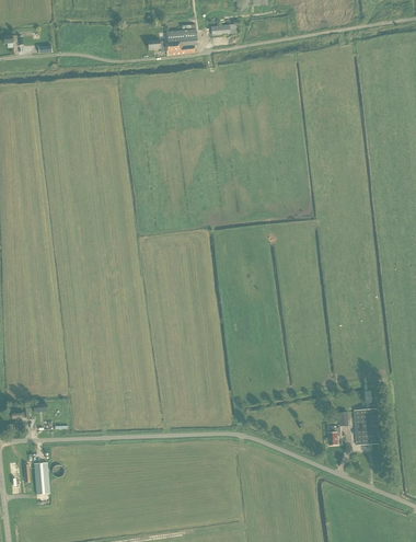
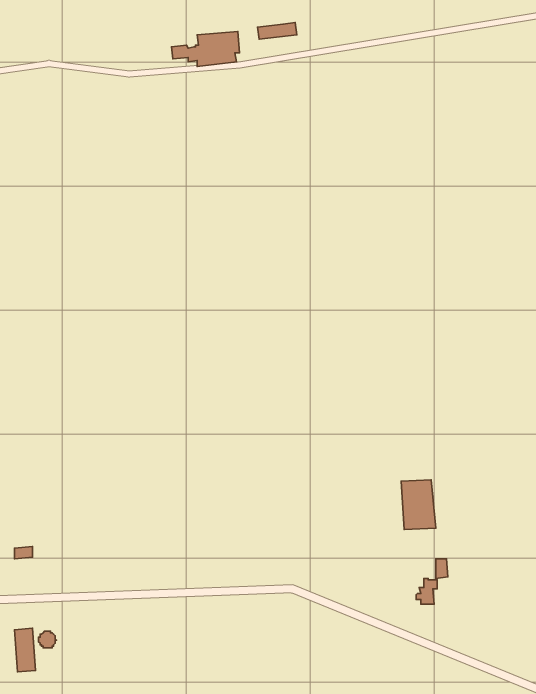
building: [353,407,378,443] -> [401,480,436,530]

